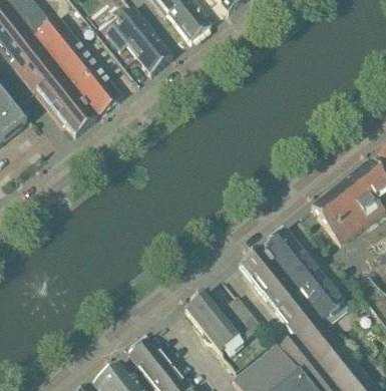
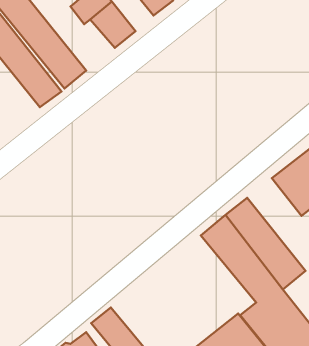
building: [184,289,261,352] -> none

